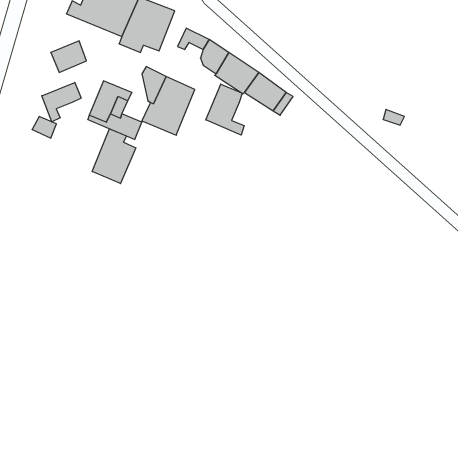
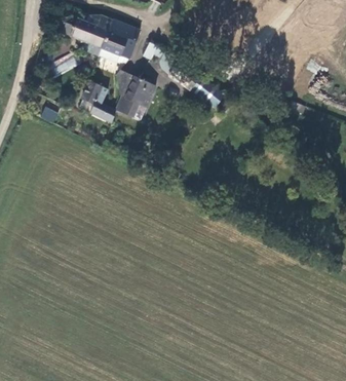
building: [42,82,81,122] -> none
building: [206,84,244,135] -> none
building: [92,129,136,184] -> none

